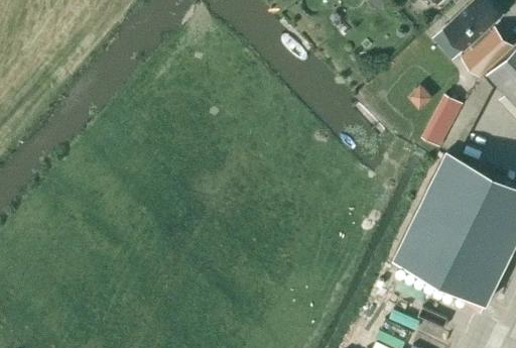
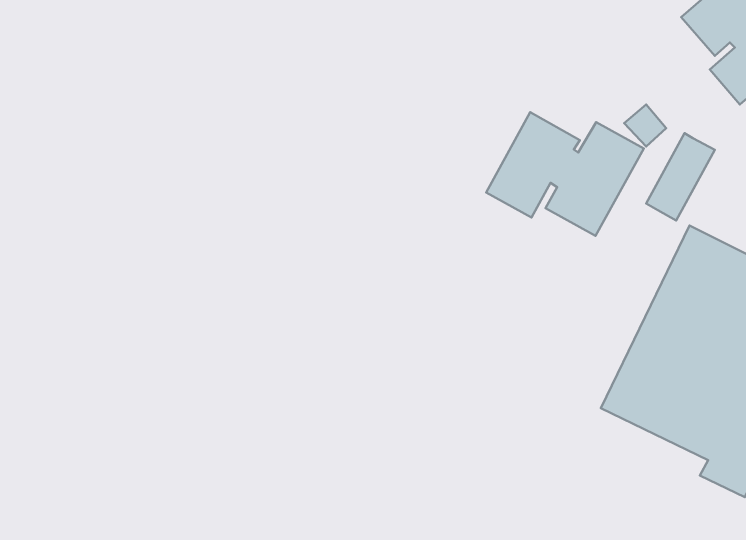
building: none -> [486,112,644,236]

